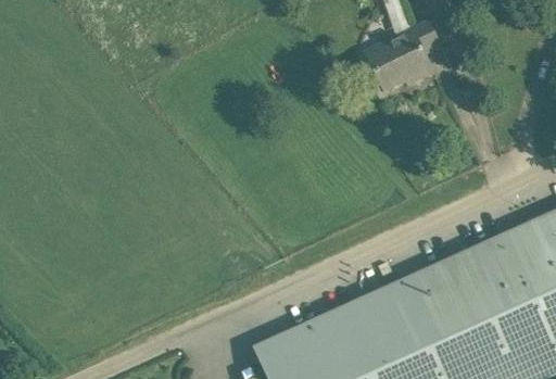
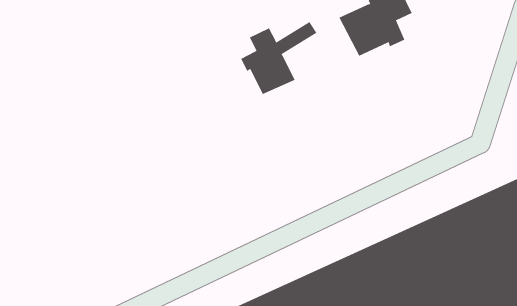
building: none -> [241,21,317,95]

